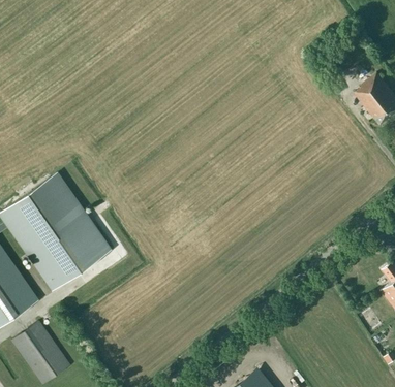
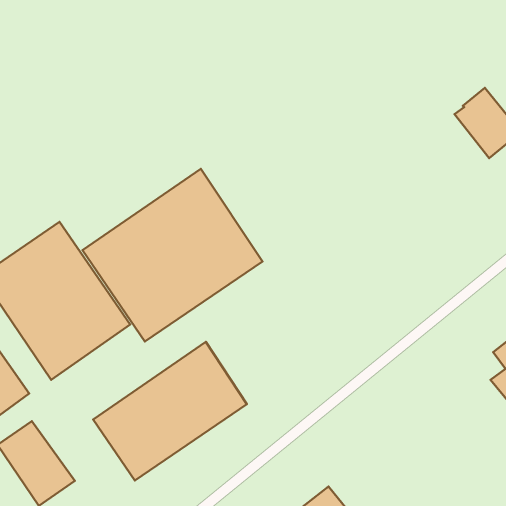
building: none -> [82,169,263,341]
building: none -> [93,342,247,480]

